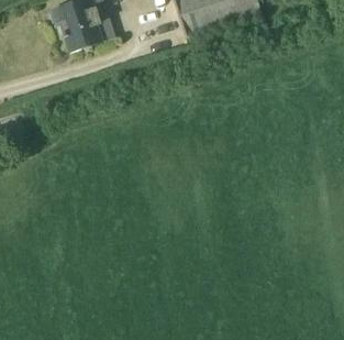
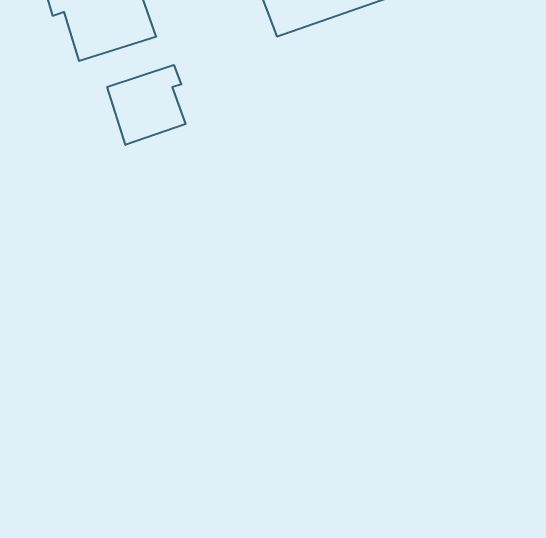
building: none -> [107,65,186,145]

